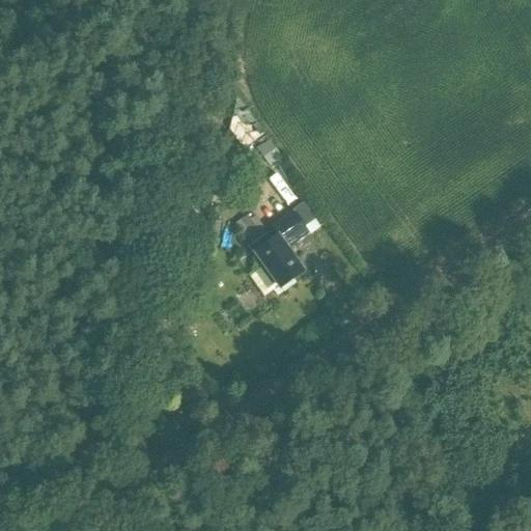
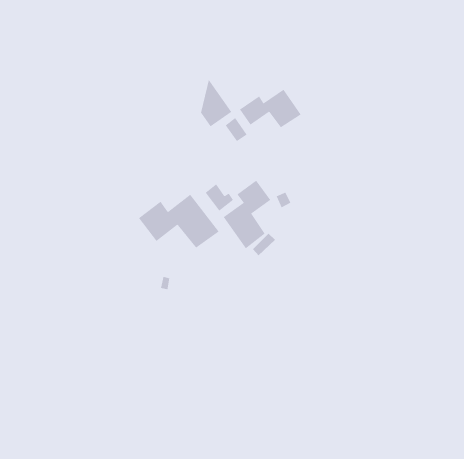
building: none -> [239,89,302,128]
building: none -> [138,194,220,249]

